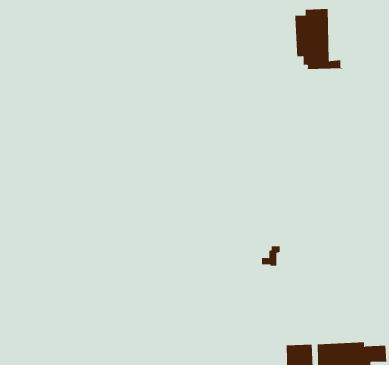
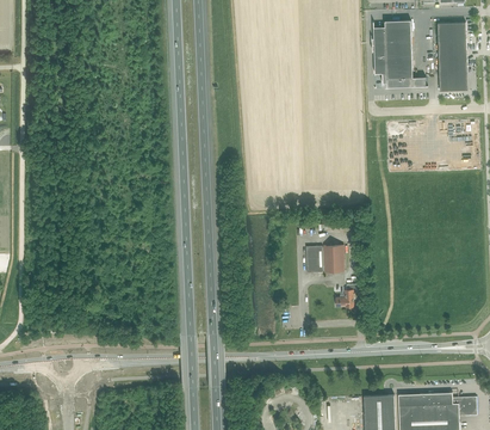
building: none -> [438,22,467,91]
building: none -> [305,245,345,272]

